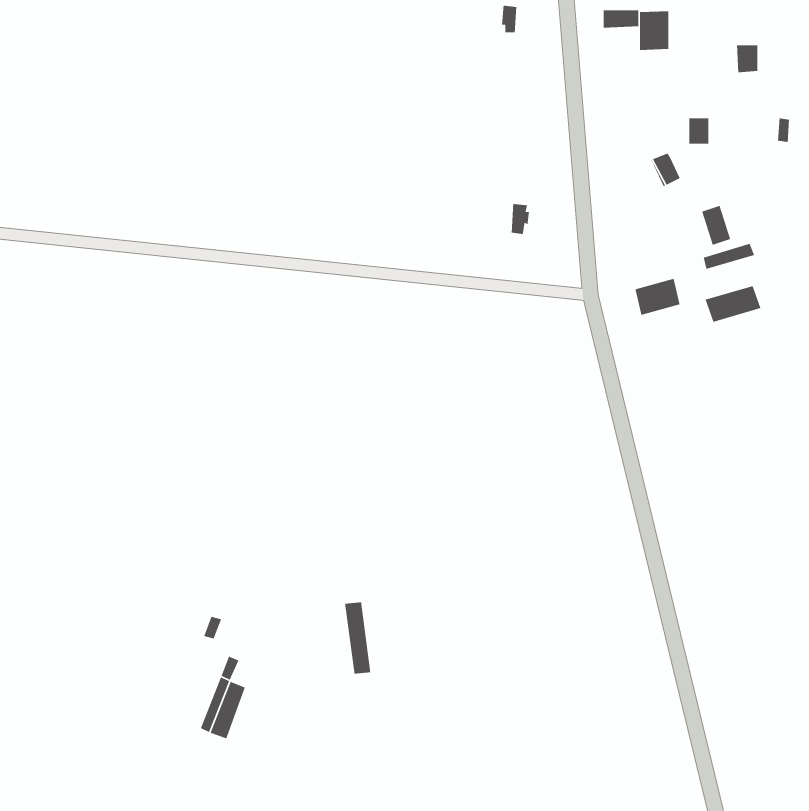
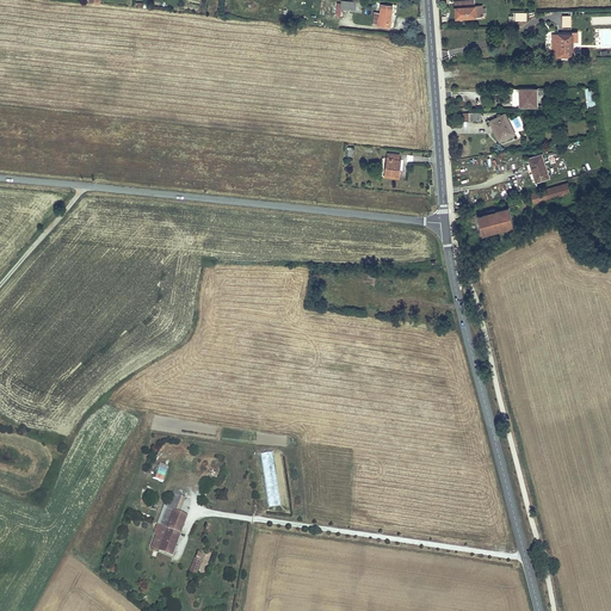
building: [639,10,669,51] -> none
building: [704,285,762,323] -> none

